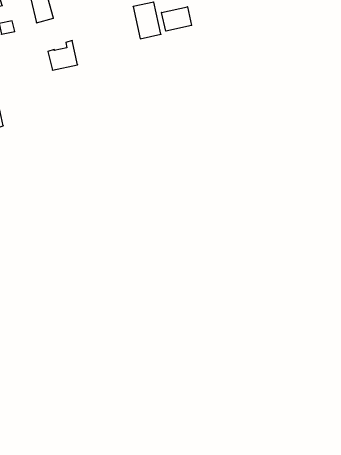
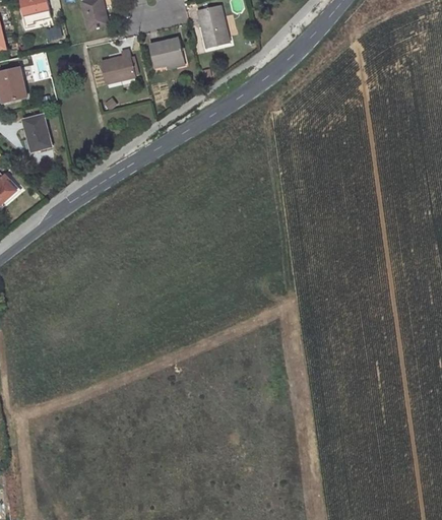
building: [162,7,192,31] -> none
building: none -> [148,38,183,66]

